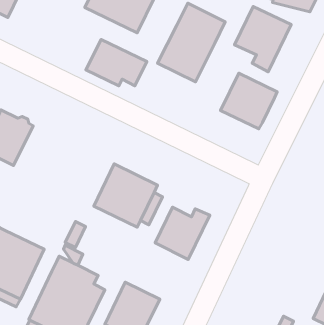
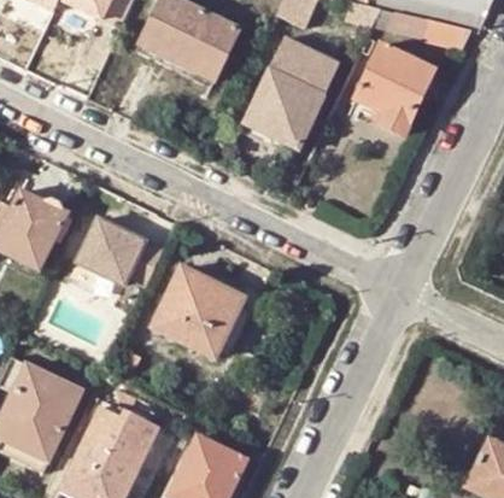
building: [86,39,147,86] -> [77,217,164,283]
building: [220,73,277,129] -> none
building: [155,207,210,260] -> none

